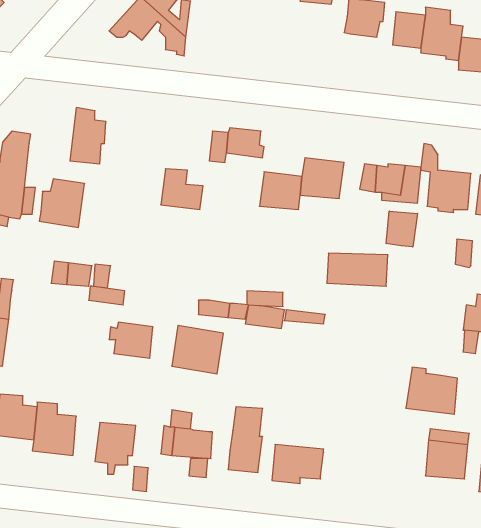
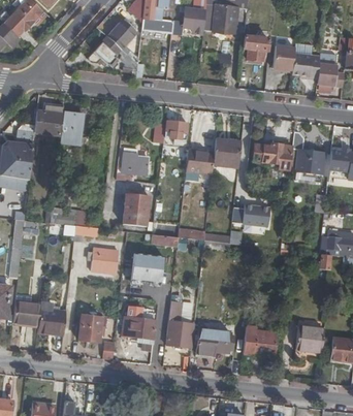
building: [39,179,85,227] -> [35,103,65,135]
building: [386,211,417,247] -> none
building: none -> [122,194,150,227]
building: [406,367,457,414] -> [243,326,277,357]

